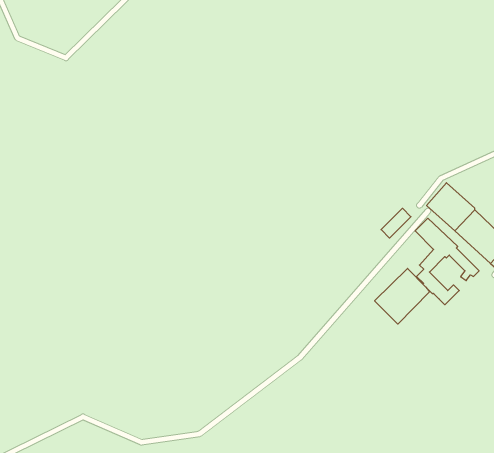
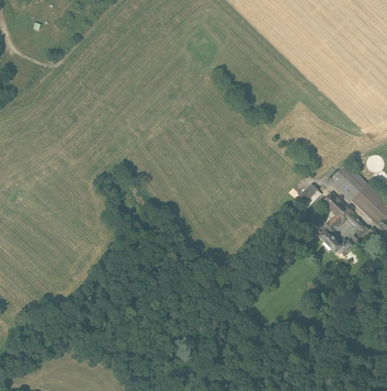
building: [375,268,429,324] -> none

